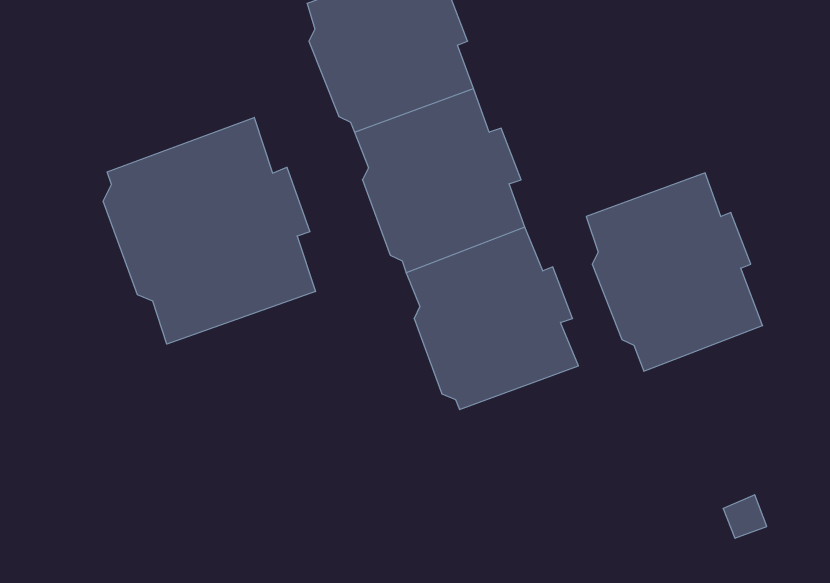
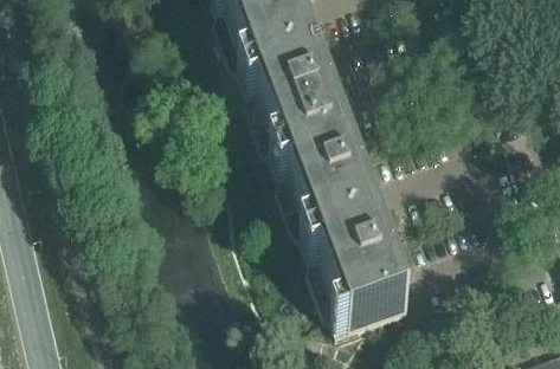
building: [103,117,315,344] -> none
building: [586,173,763,371] -> [311,222,417,341]

